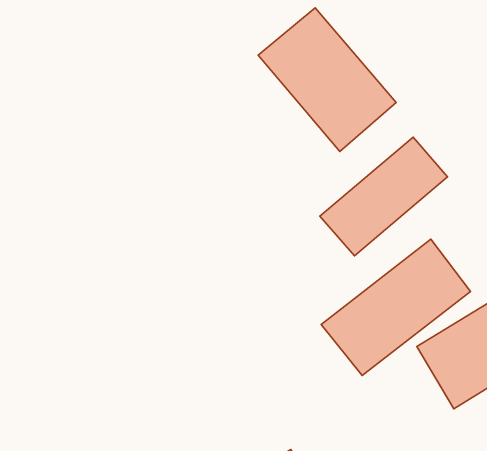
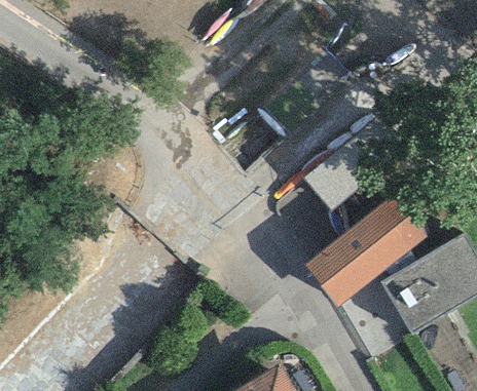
building: [258,8,396,152] -> none

